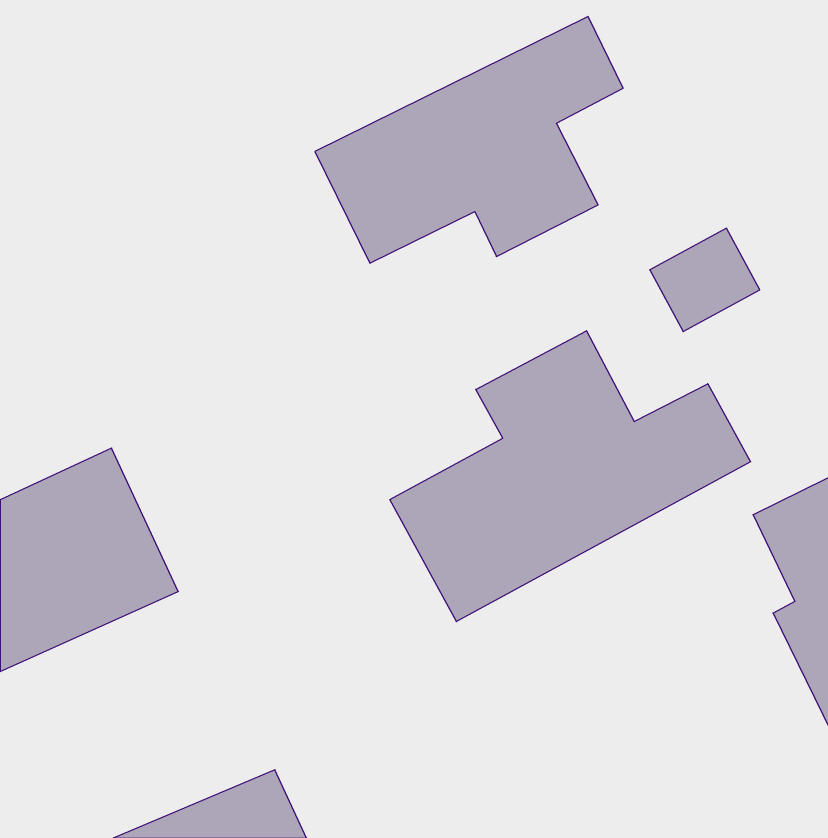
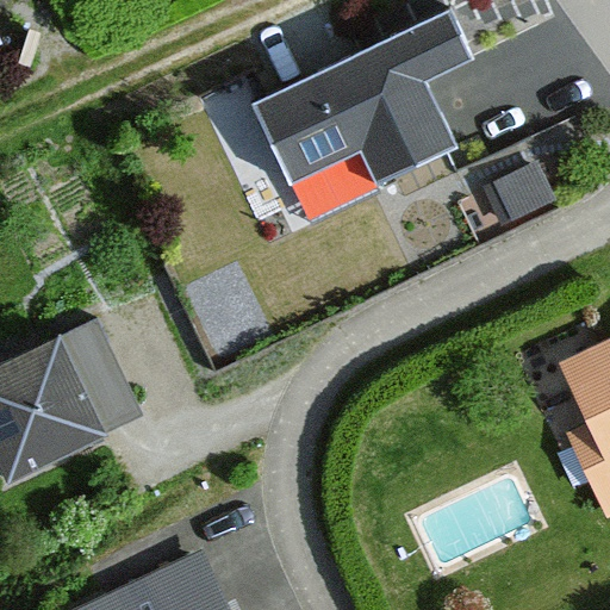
building: [390,331,751,622] -> none

